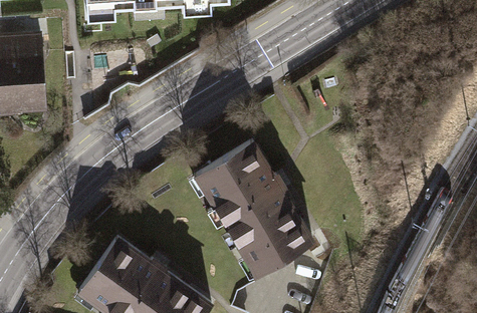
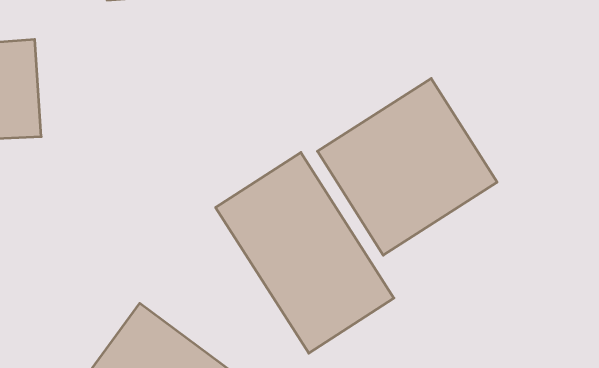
building: none -> [317,78,497,255]

